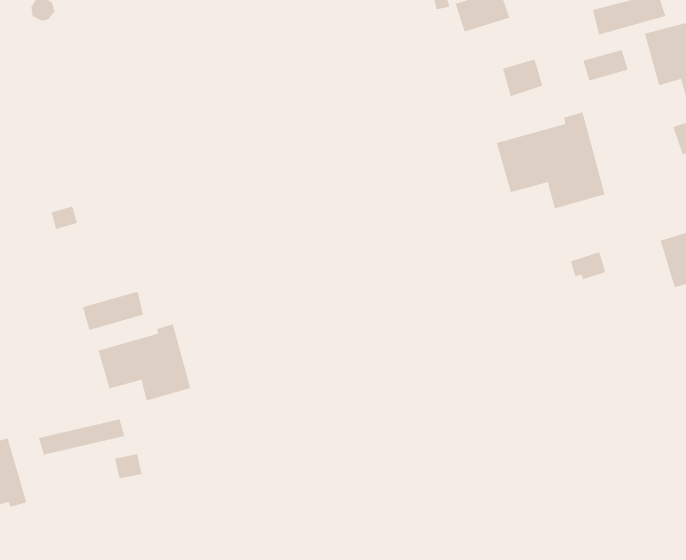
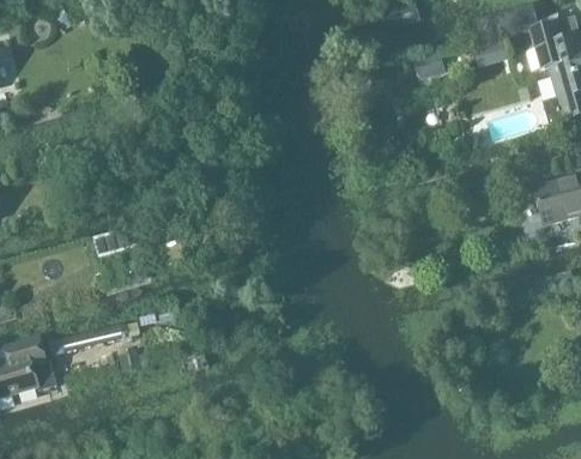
building: [496,112,605,209] -> none
building: [98,324,191,401] -> none

